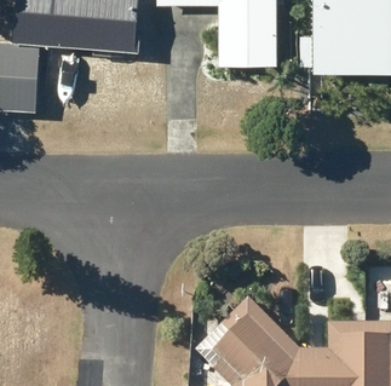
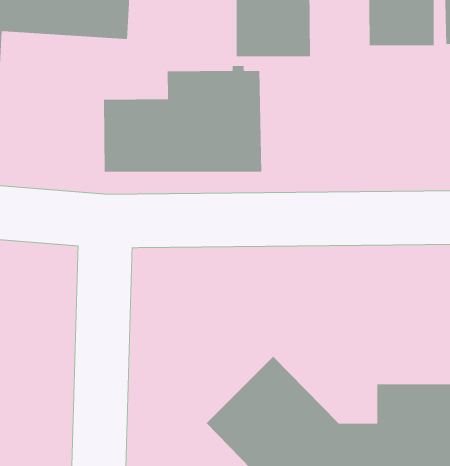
building: none -> [104,65,262,172]

